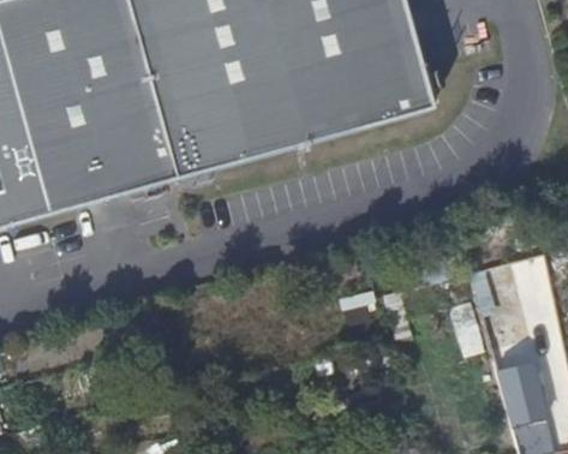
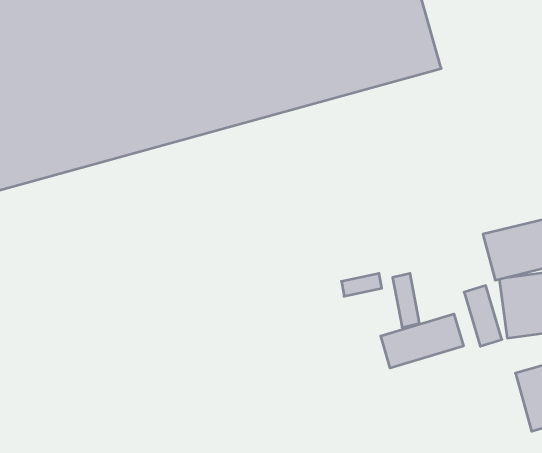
building: none -> [381,314,463,368]

